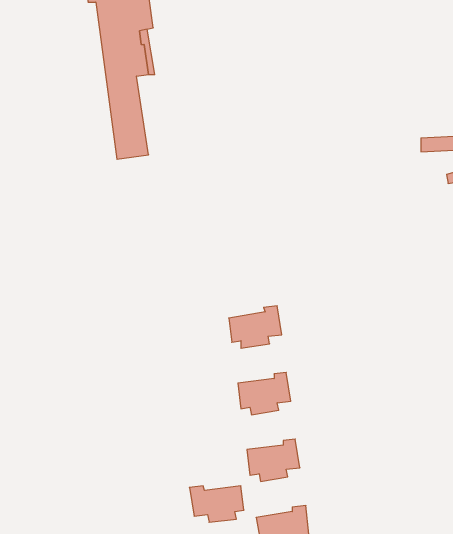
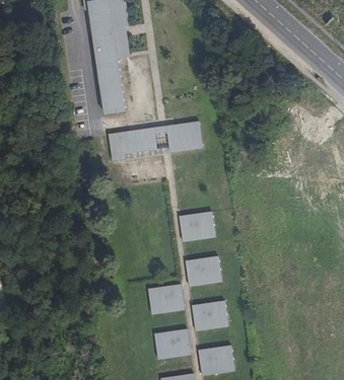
building: none -> [165,122,202,151]
building: none -> [108,132,156,159]
building: none -> [146,287,183,312]

